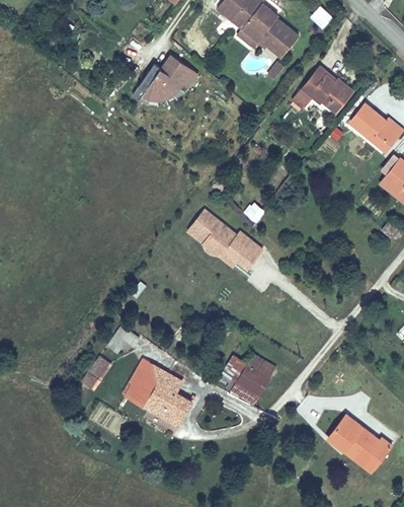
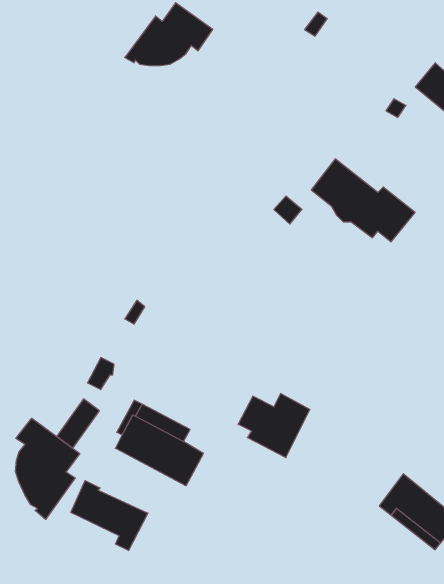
building: [298,66,354,110] -> none
building: [186,211,265,274] -> [311,159,415,242]
building: none -> [16,418,80,519]
building: none -> [71,481,148,551]

